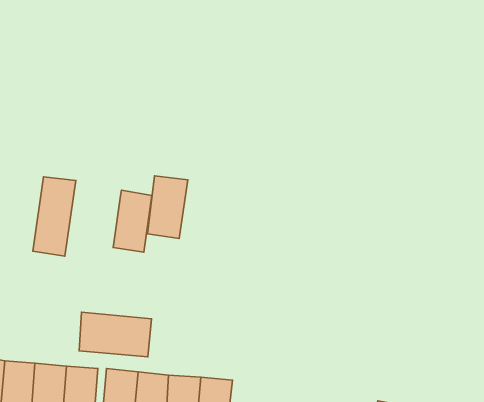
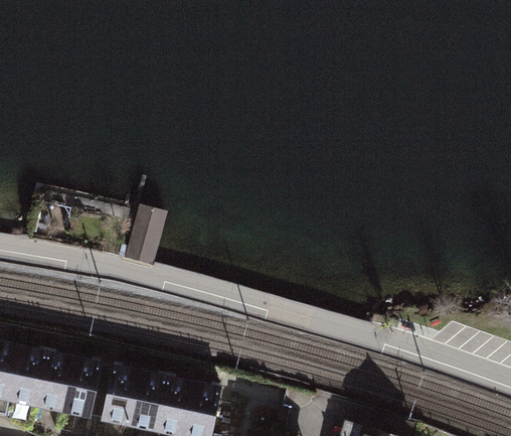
building: [147,176,188,238] -> none
building: [33,177,76,256] -> none
building: [79,312,152,357] -> none

